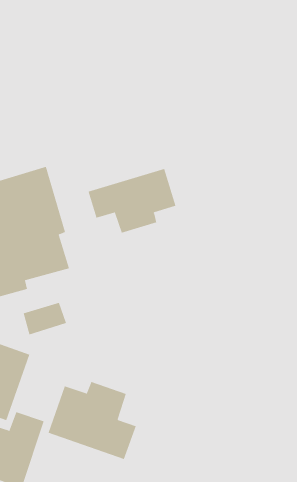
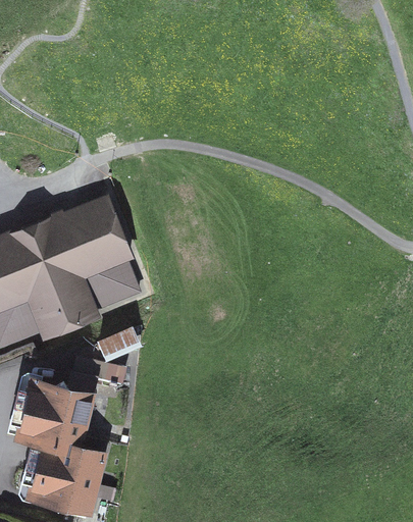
building: [88,168,176,234] -> none
building: [48,381,136,460] -> none

